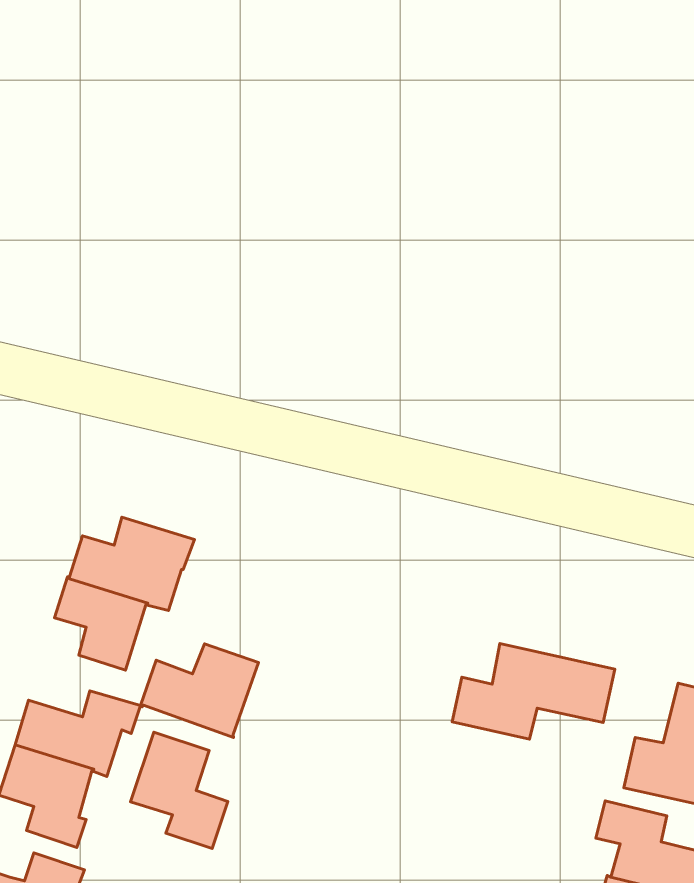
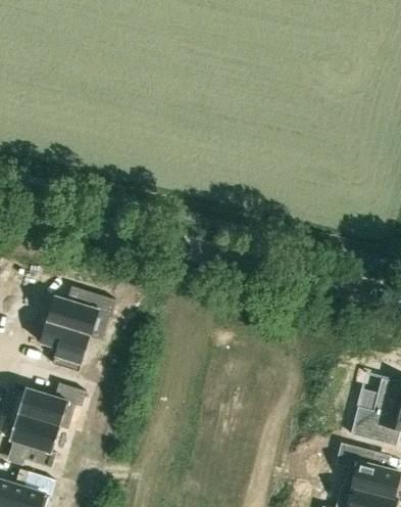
building: [452,644,615,739] -> none
building: [140,644,259,737] -> none
building: [130,732,228,848] -> none

